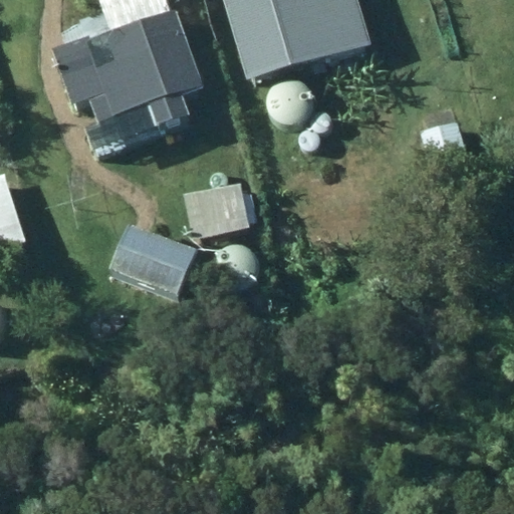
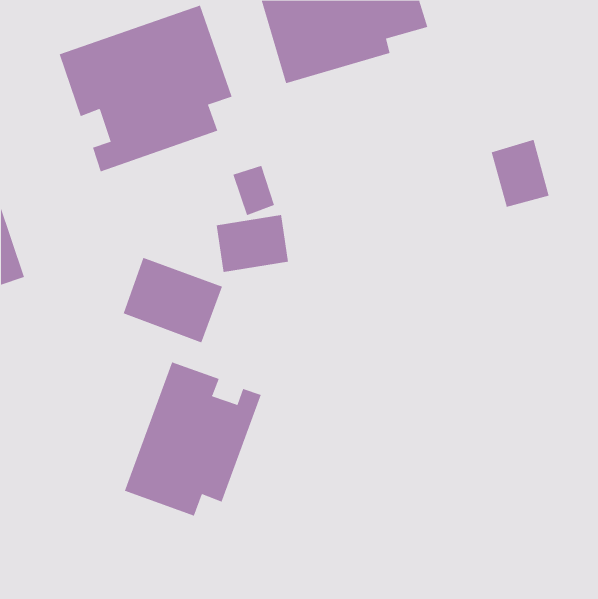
building: none -> [124,362,262,516]

